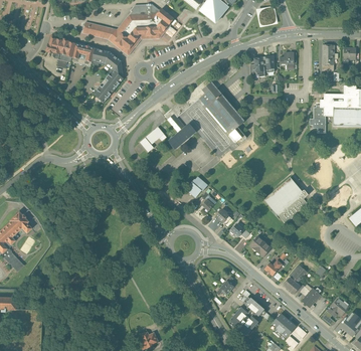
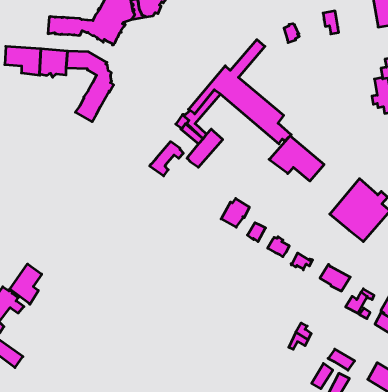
building: none -> [269,136,324,181]
building: none -> [10,264,42,304]

